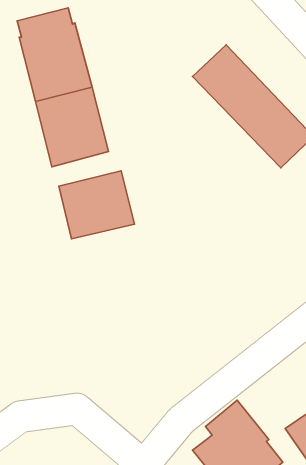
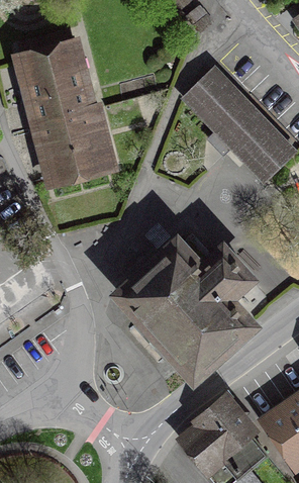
building: [59,171,135,239] -> none
building: none -> [119,244,250,376]

